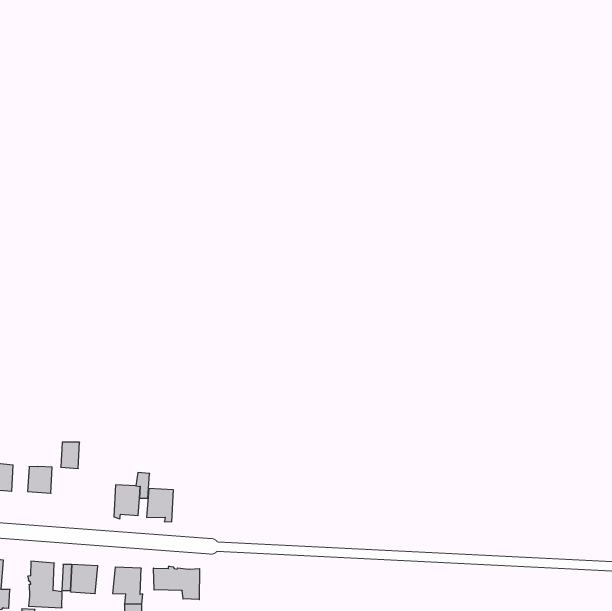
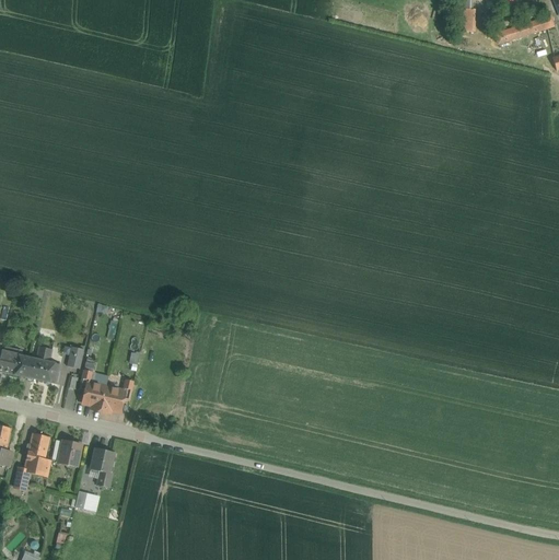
building: none -> [26,346,51,378]
building: [147,488,173,522] -> [82,381,106,409]
building: [154,566,200,600] -> none

